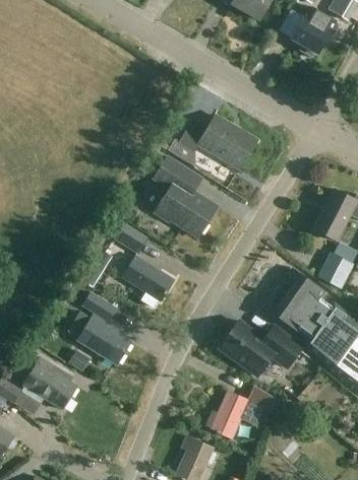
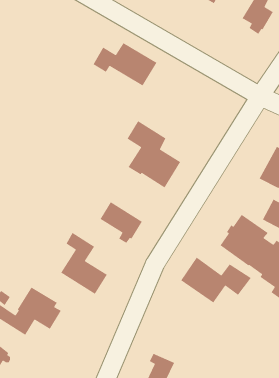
building: [179,116,256,168] -> [93,42,157,87]
building: [113,221,148,254] -> none
building: [206,386,279,437] -> none

